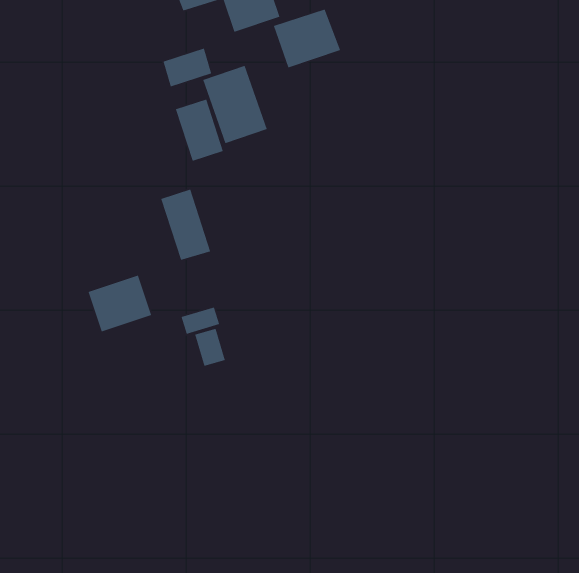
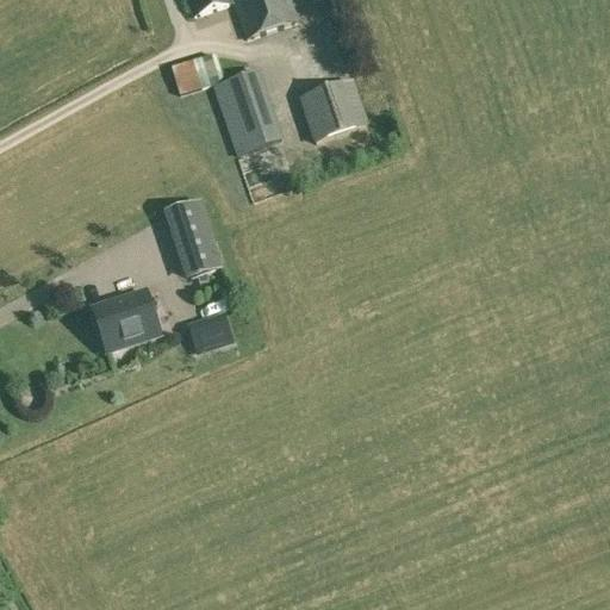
building: [273,8,341,69] -> [297,77,368,141]
building: [175,99,224,162] -> none
building: [194,328,226,367] -> none

